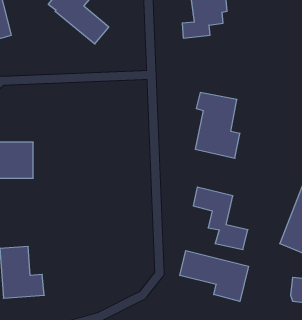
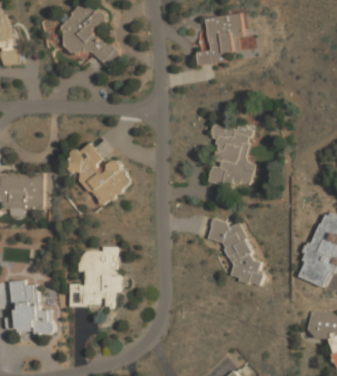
building: none -> [69,143,131,205]
building: none -> [69,247,118,306]
building: [180,251,248,301] -> none

